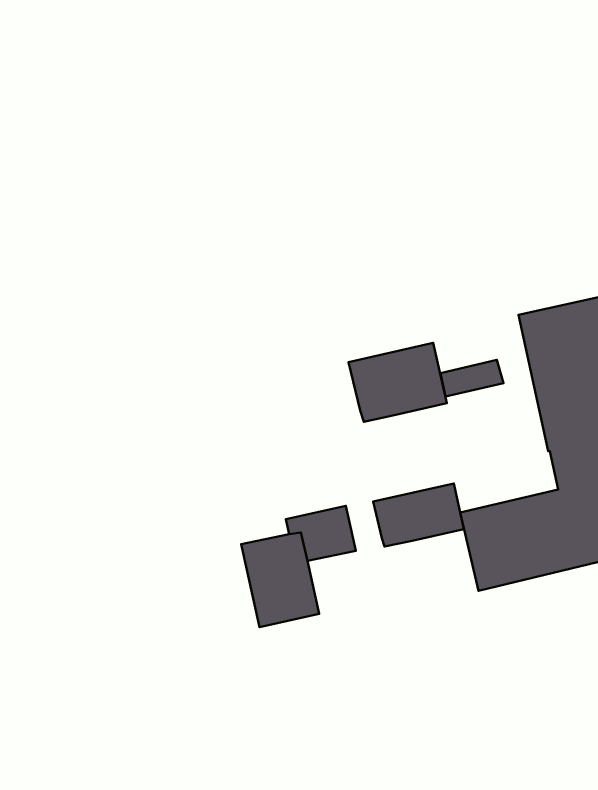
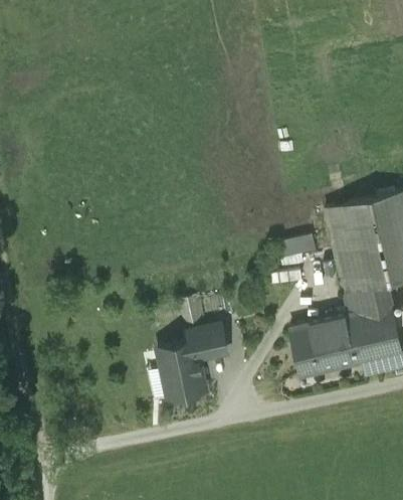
building: [349,343,447,422] -> none
building: [373,483,464,547] -> none

